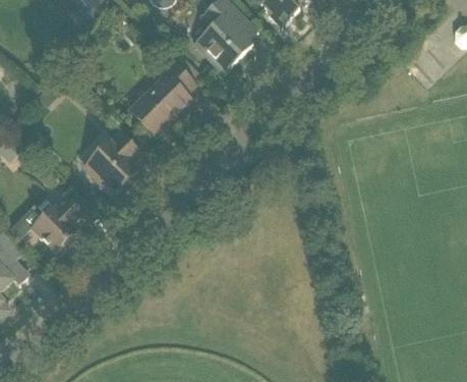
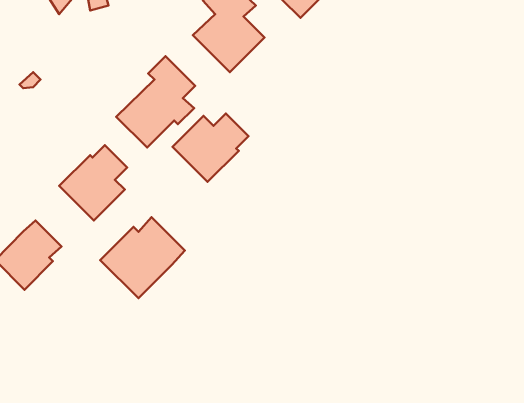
building: none -> [172,113,249,182]
building: none -> [100,217,185,298]

